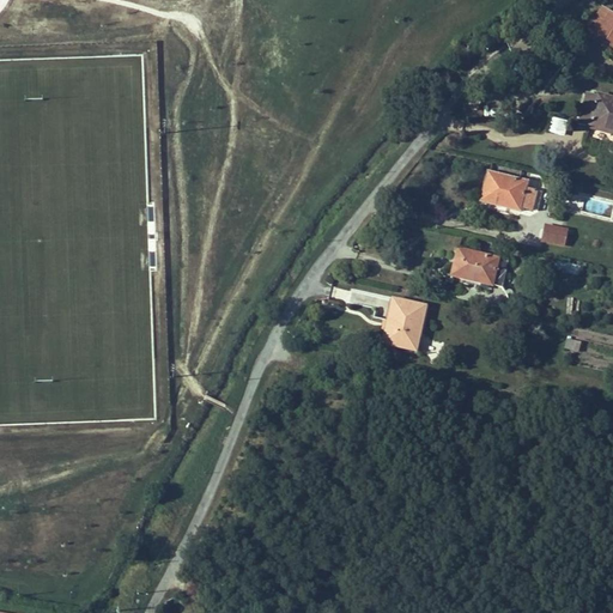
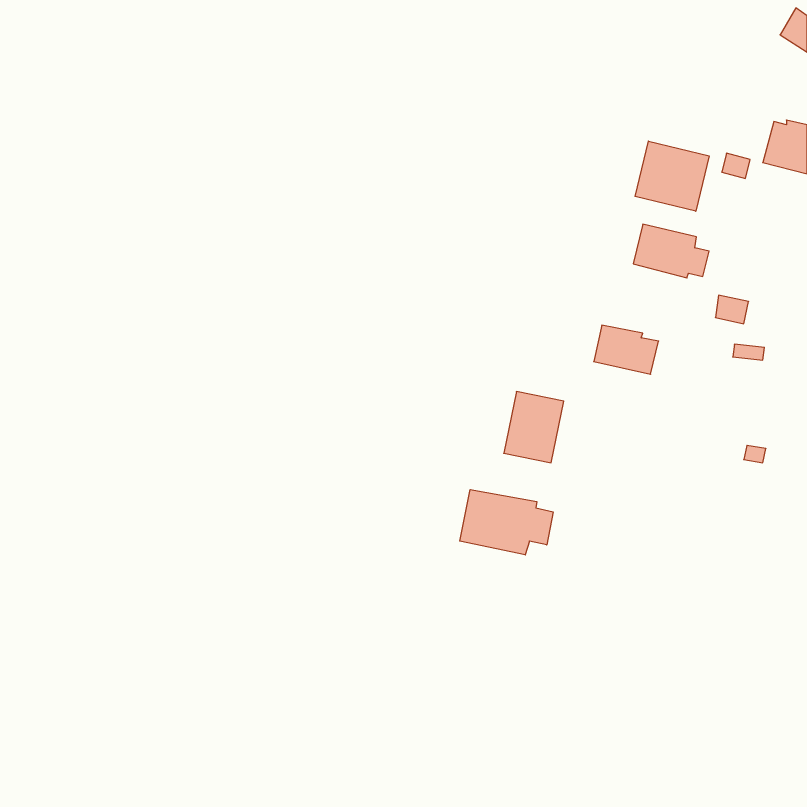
building: none -> [635,141,709,211]
building: none -> [460,490,553,555]

